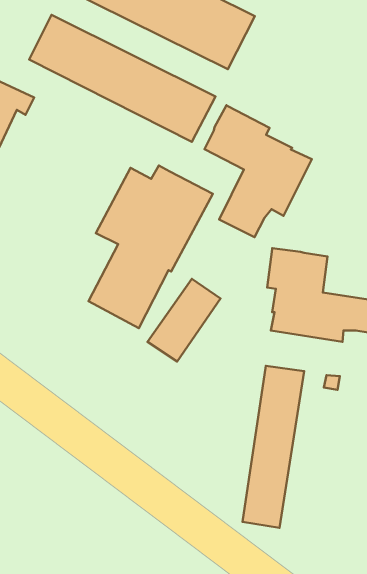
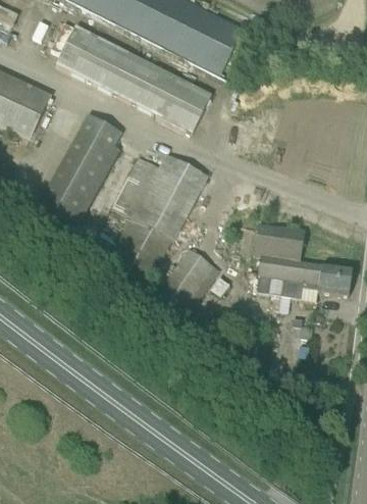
building: [204,105,312,237] -> none
building: none -> [40,116,120,223]
building: [242,366,304,528] -> none

